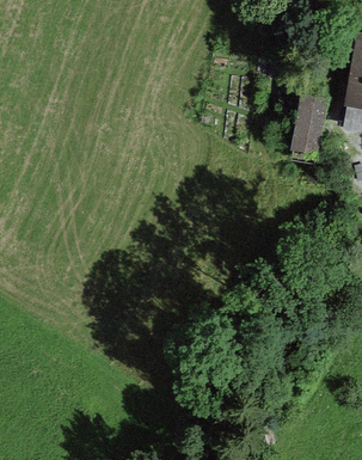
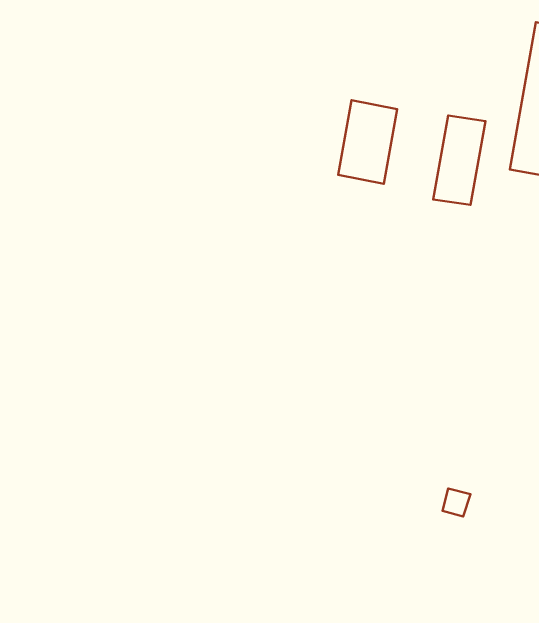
building: none -> [338,100,397,184]

